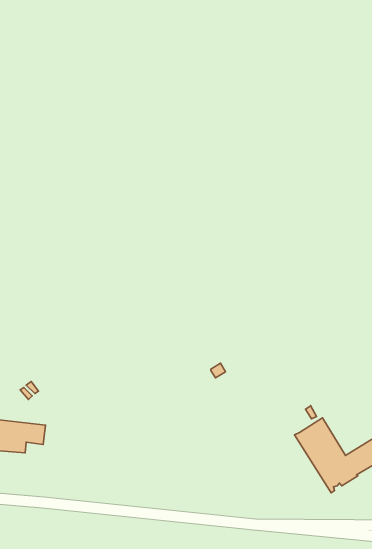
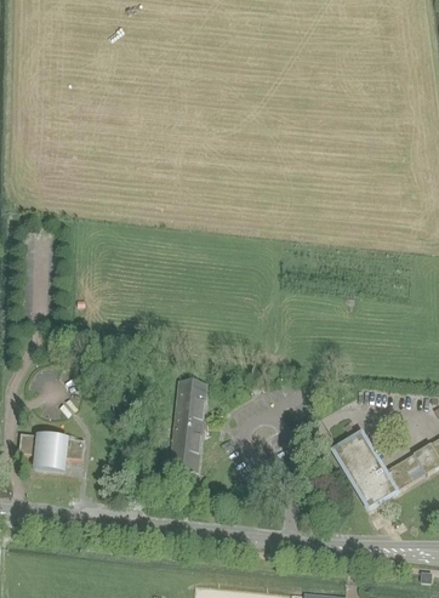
building: none -> [170,380,207,472]

